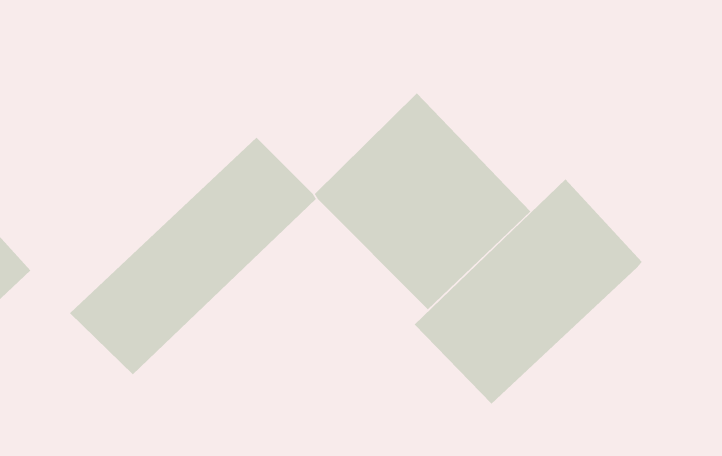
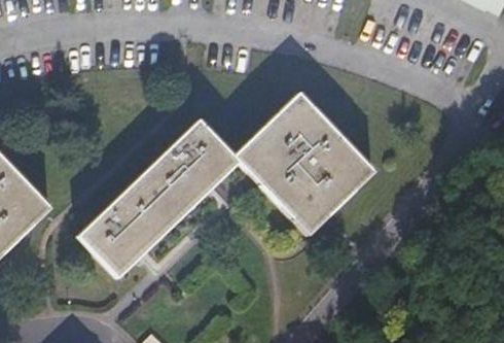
building: [414,179,642,405] -> none

